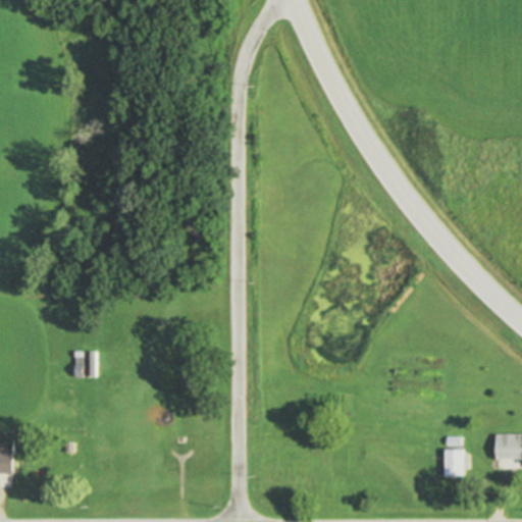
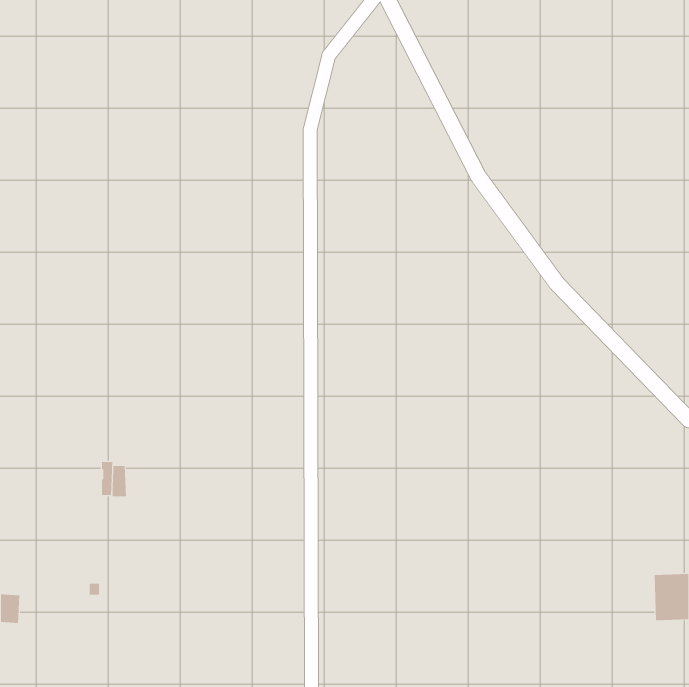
building: [442,450,464,476] -> none

